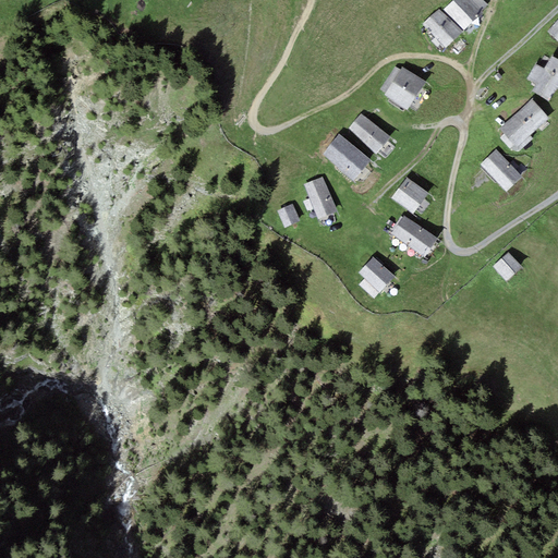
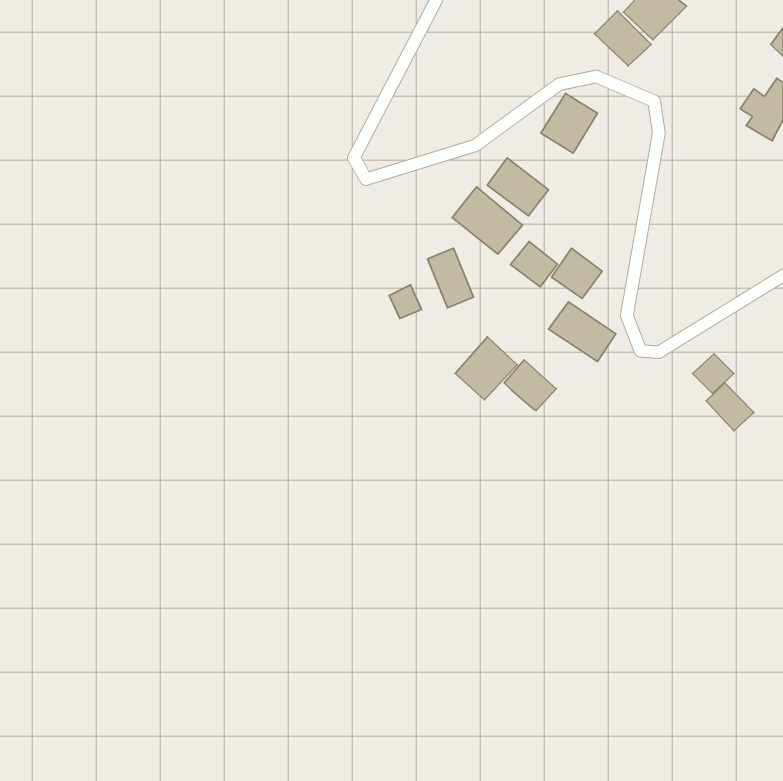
building: [499,99,548,146] -> none
building: [480,148,522,191] -> none
building: none -> [510,241,558,287]
building: none -> [455,337,517,400]
building: none -> [706,383,754,431]

